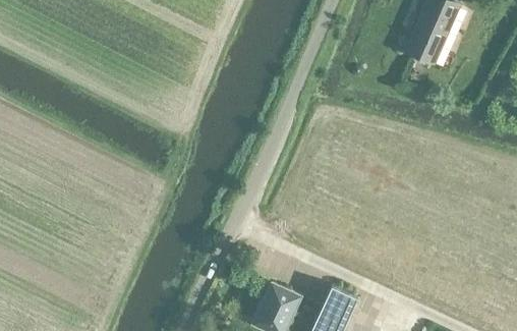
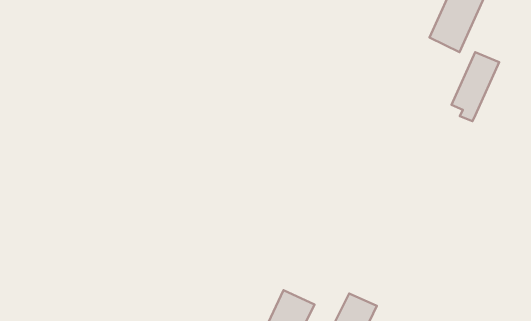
building: none -> [452,52,499,121]

